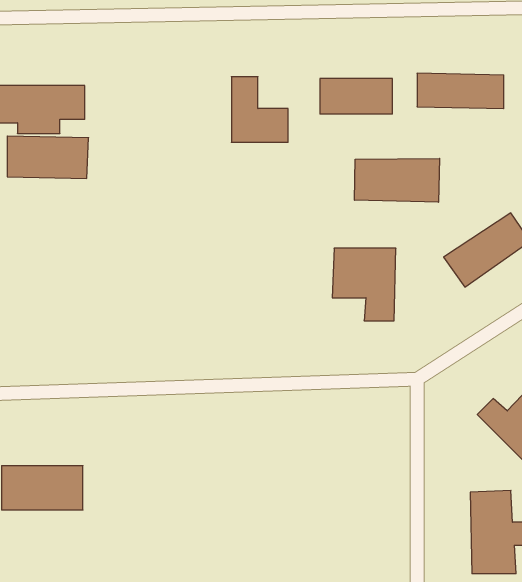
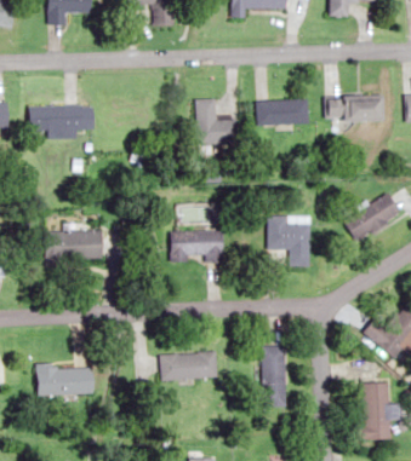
building: [7,136,89,178] -> [50,230,105,259]
building: [355,158,440,202] -> none
building: none -> [171,230,223,261]
building: none -> [261,346,285,407]
building: none -> [160,353,216,379]

